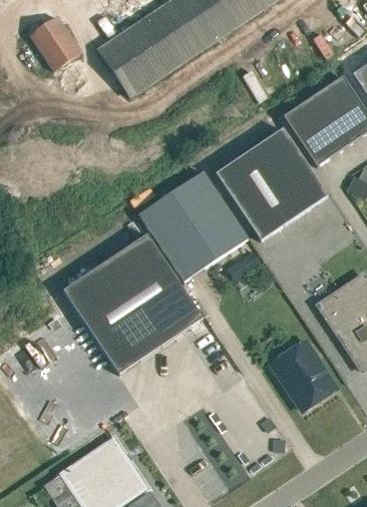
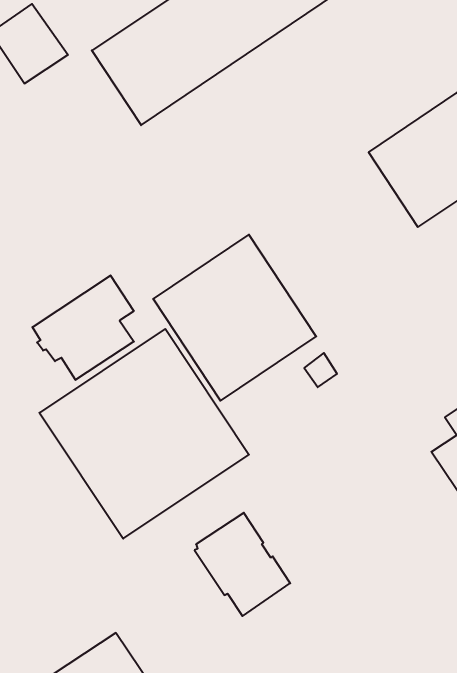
building: [216,127,328,240] -> none
building: none -> [32,275,134,380]
building: [271,341,335,410] -> [195,513,290,616]

